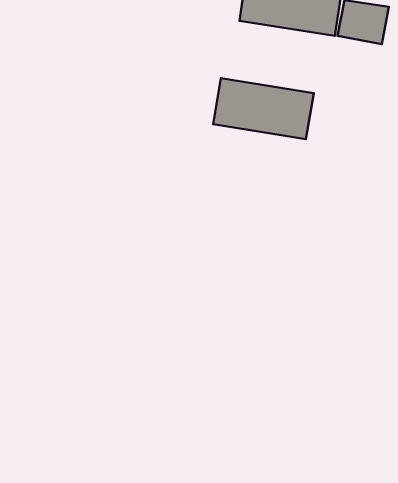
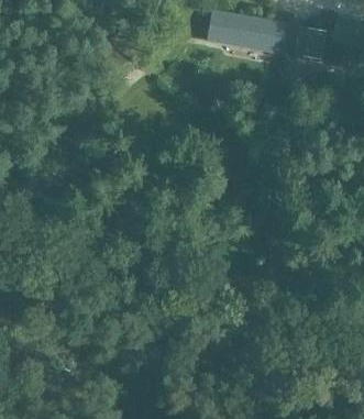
building: [213,78,314,139] -> none

